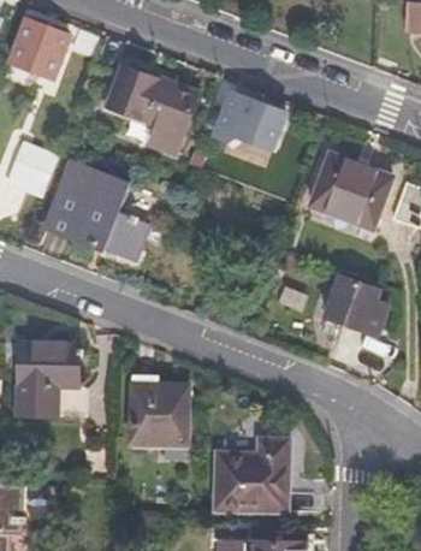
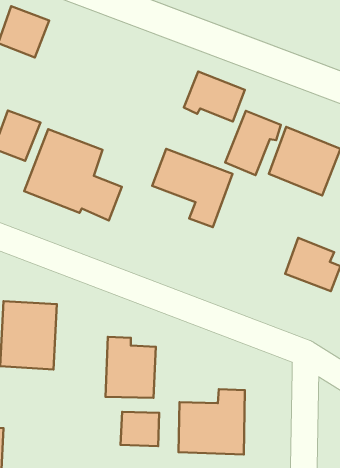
building: [106,66,195,153] -> [152,149,233,227]
building: none -> [225,111,281,175]
building: none -> [120,412,159,446]

